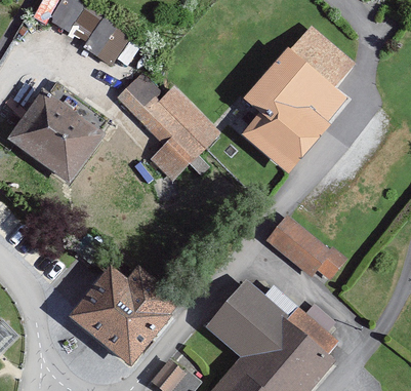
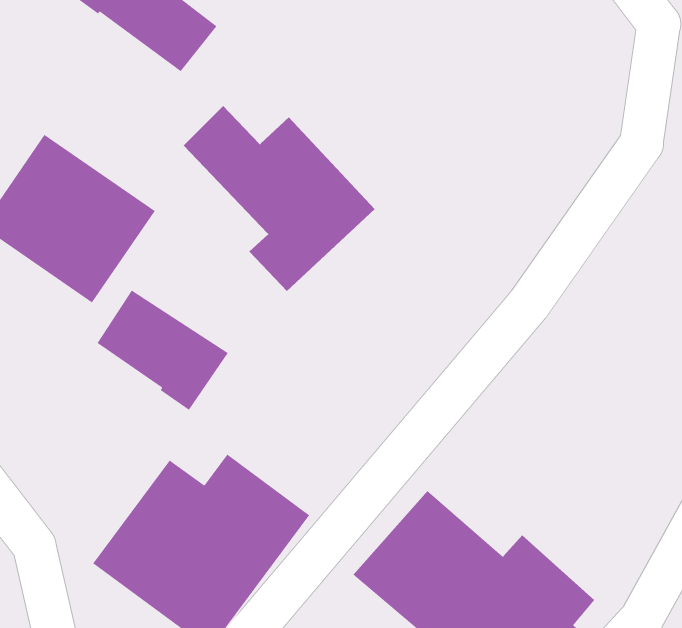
building: [241,26,354,173] -> none
building: none -> [97,290,229,411]
building: [269,212,346,276] -> none

